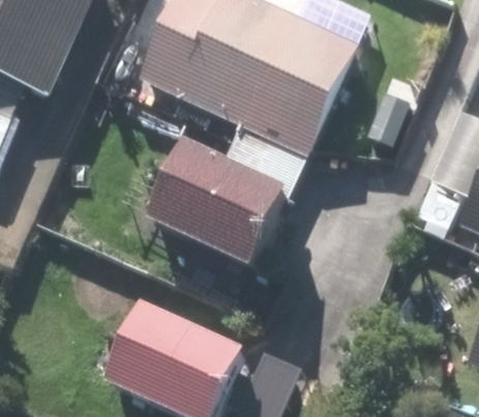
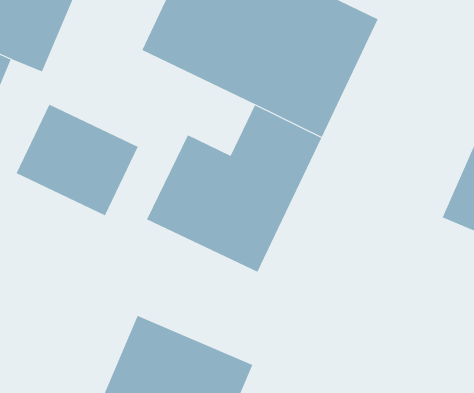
building: none -> [16,104,138,216]

